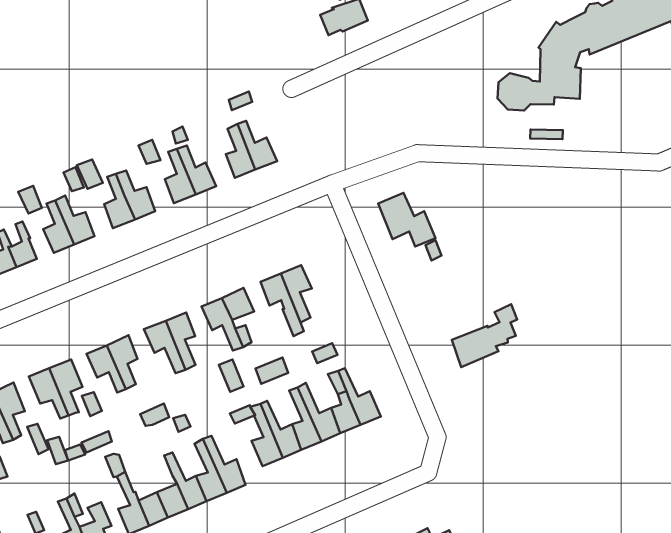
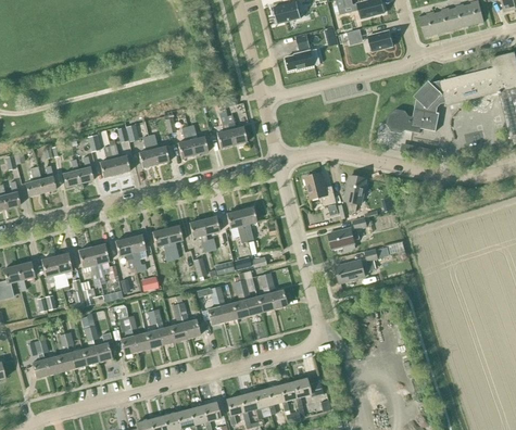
building: none -> [339,176,366,218]
building: none -> [328,217,366,249]

